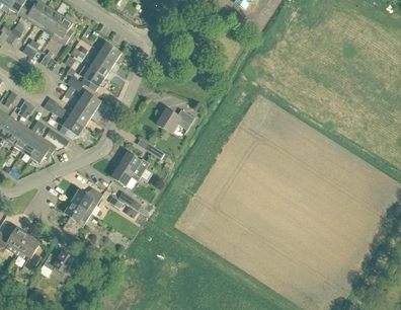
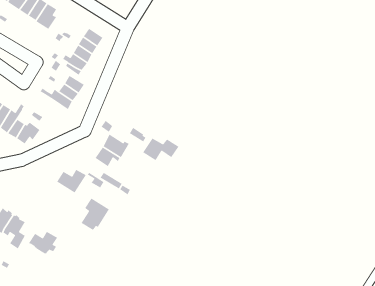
building: [53,107,84,136] -> none
building: [156,108,194,133] -> [142,138,179,161]
building: [61,201,91,235] -> [80,198,110,231]

